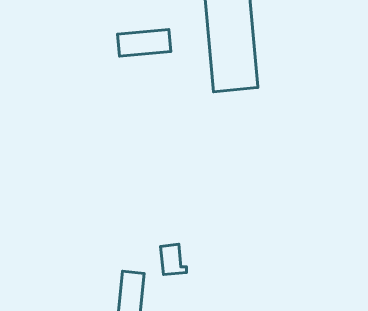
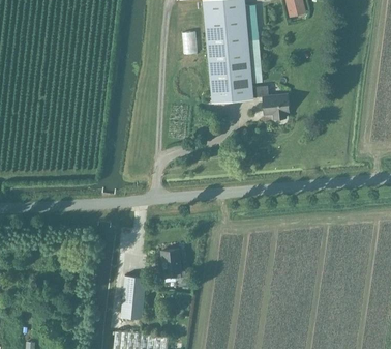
building: [117,30,171,56] -> none
building: none -> [253,86,290,119]

